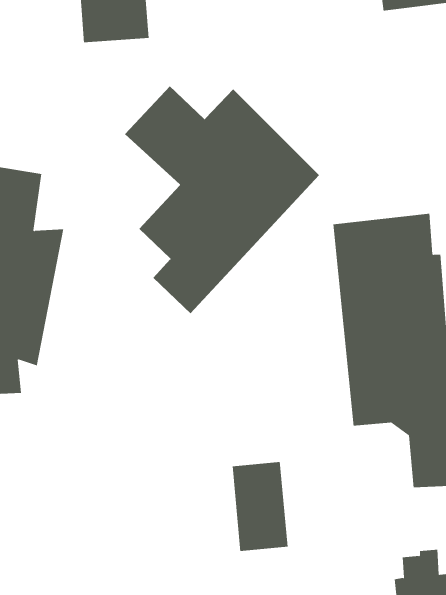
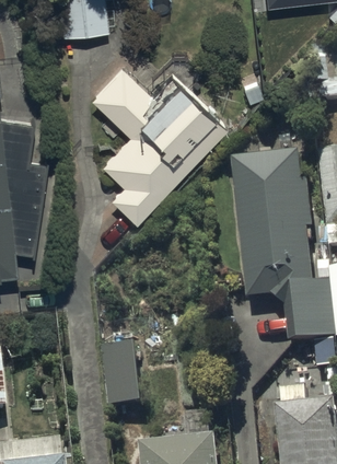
building: [232,461,289,551] -> [103,343,142,405]

